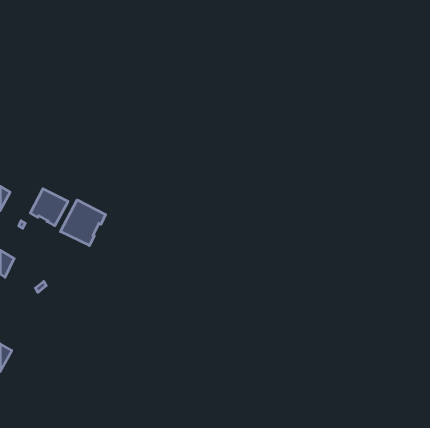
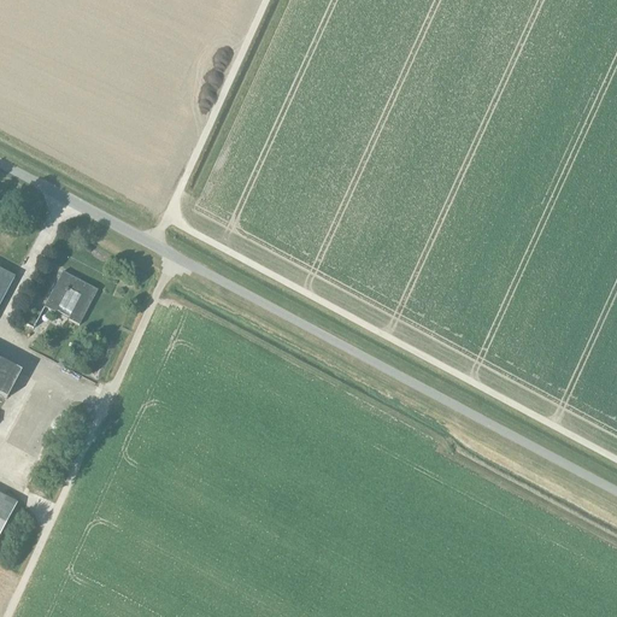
building: [60,200,106,246] -> none

